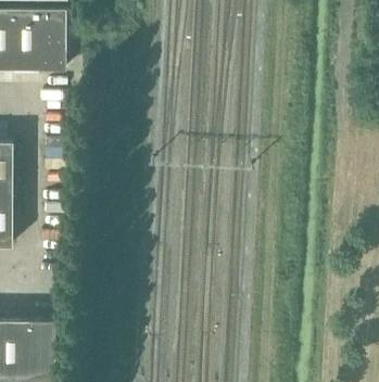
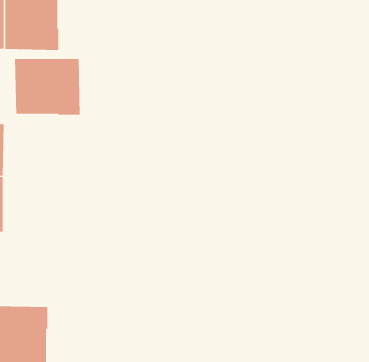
building: none -> [15,58,80,116]

